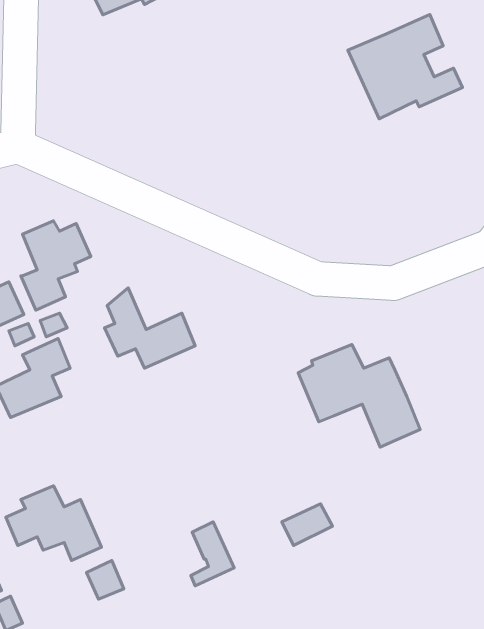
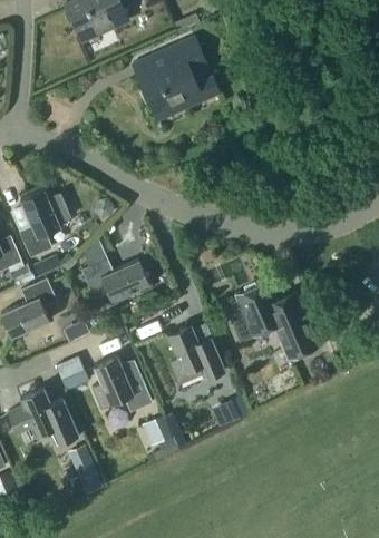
building: [348,14,463,119] -> [133,38,218,116]
building: none -> [166,325,226,385]
building: none -> [55,356,87,390]
building: none -> [93,356,153,412]

